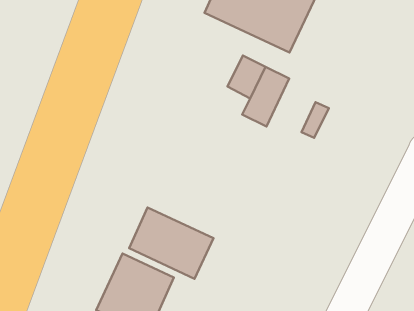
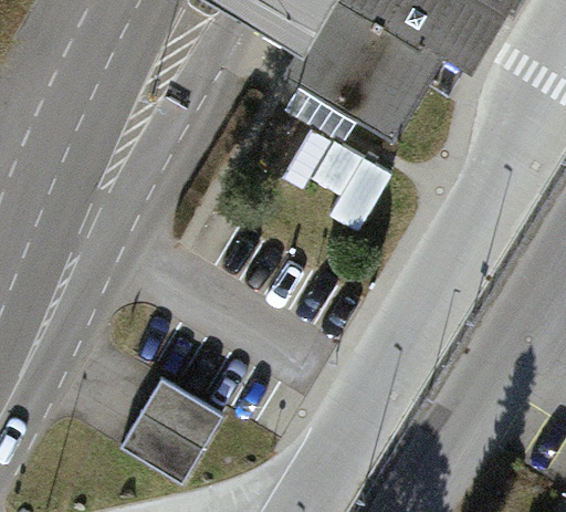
building: [129,208,213,279] -> none

